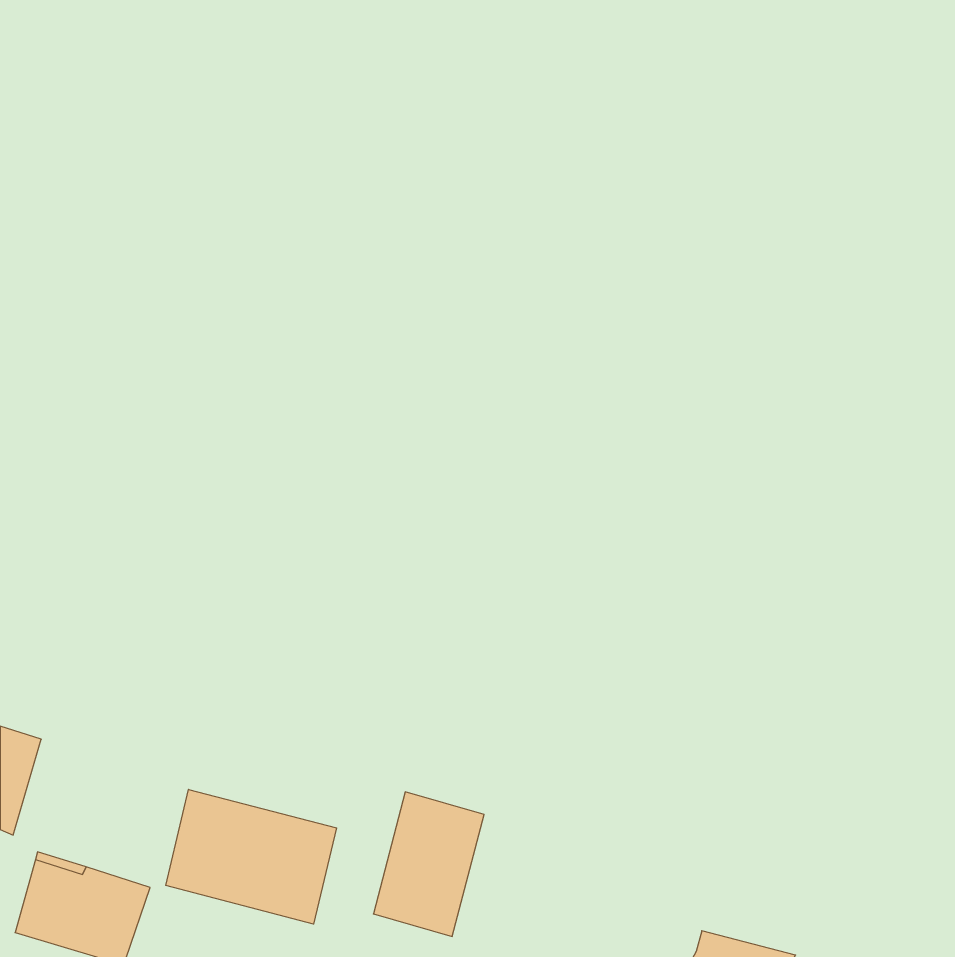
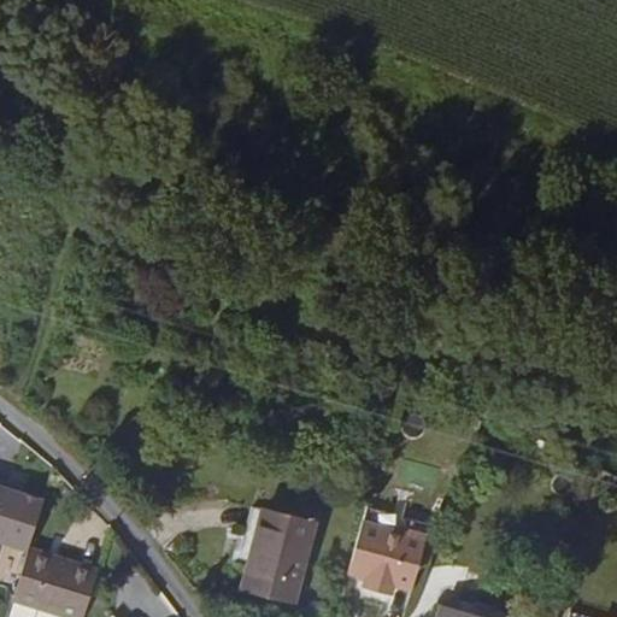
building: [166,789,336,924] -> none
building: none -> [348,521,428,595]

